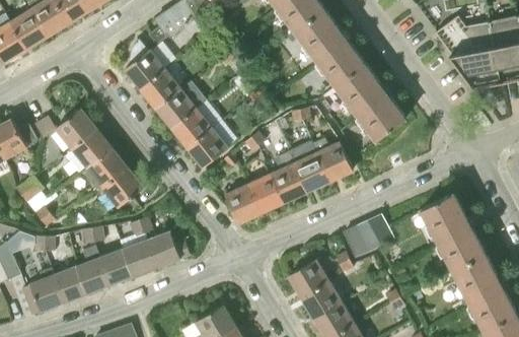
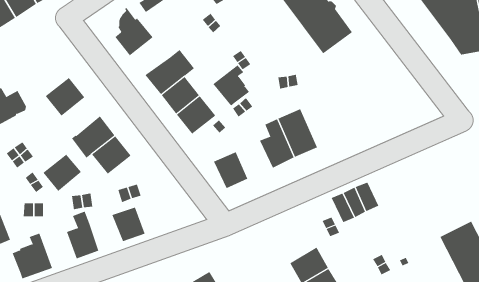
building: [336,65,406,142] -> none
building: [141,70,181,109] -> none
building: none -> [213,64,250,107]
building: [72,131,112,170] -> [42,154,82,192]
building: [314,139,353,182] -> none
building: [248,175,285,213] -> none
building: [421,194,486,272] -> none
building: [147,232,191,269] -> none
building: [101,250,134,286] -> none
building: [289,261,329,298] -> none
building: [54,267,87,304] -> none

